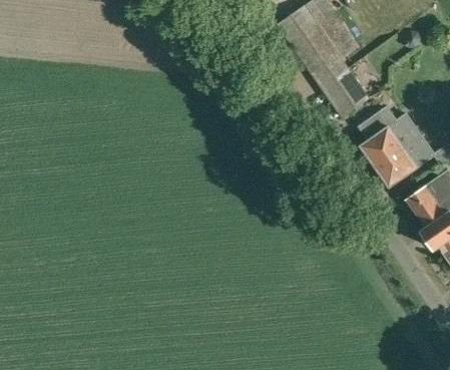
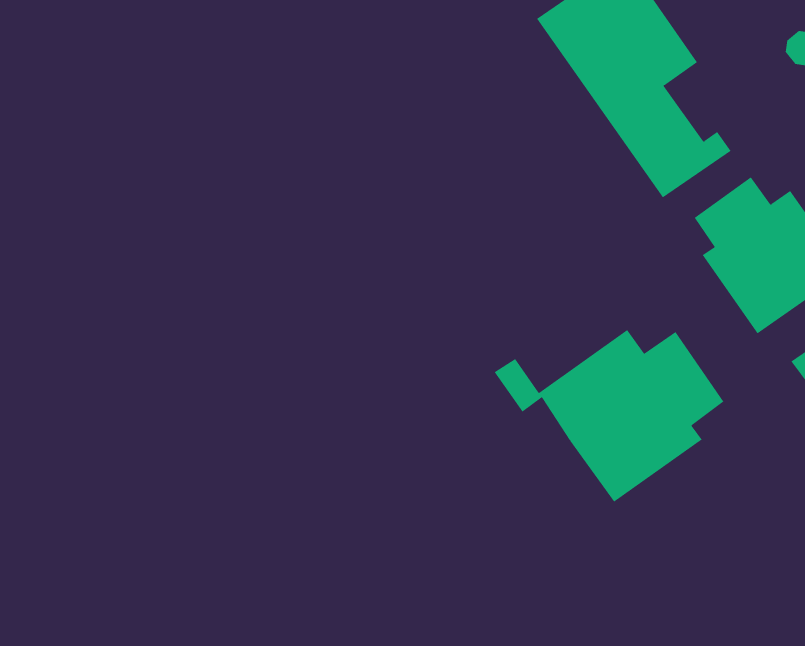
building: none -> [494,329,724,503]

